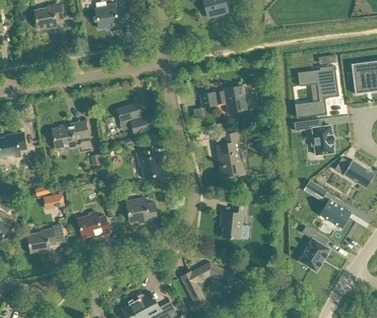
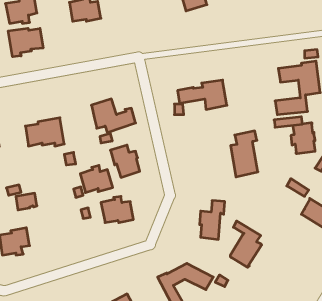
building: none -> [8,28,43,57]
building: [216,130,243,175] -> [231,131,258,177]
building: [78,210,110,237] -> [80,165,113,193]
building: [299,226,329,270] -> [230,221,262,267]

